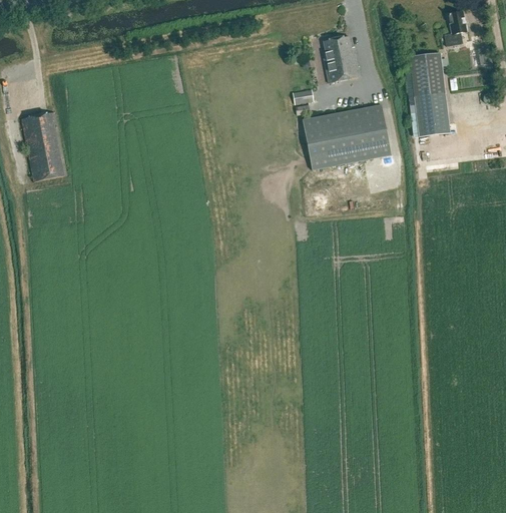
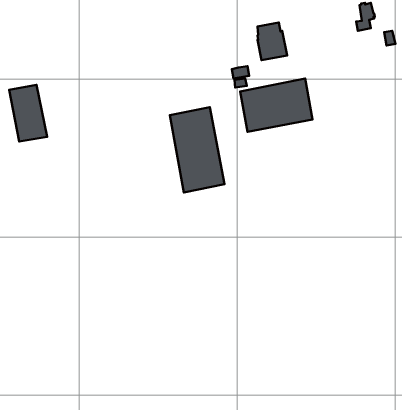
building: [408,52,448,135] -> none
building: none -> [170,107,224,192]

